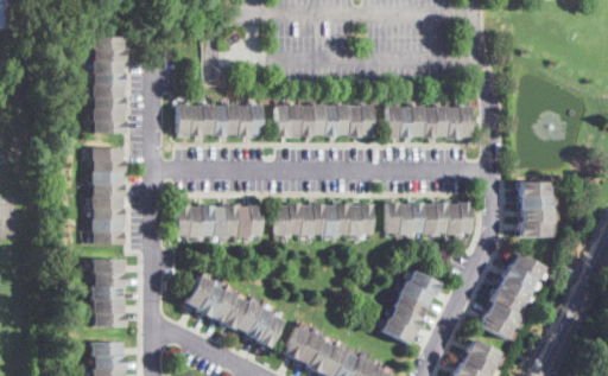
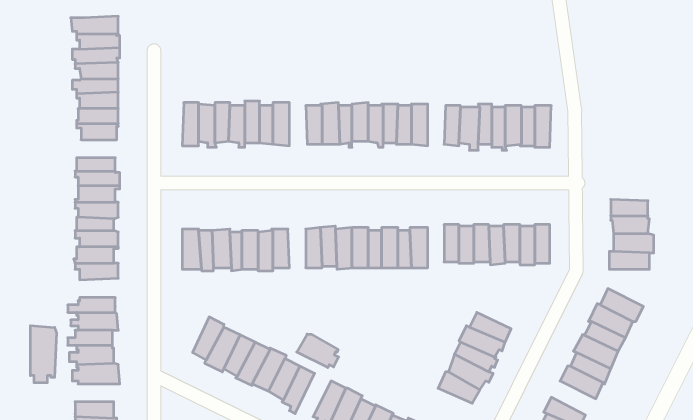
building: none -> [30,326,57,383]
building: none -> [297,334,339,368]

